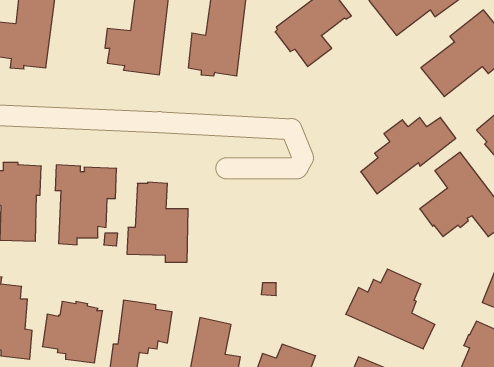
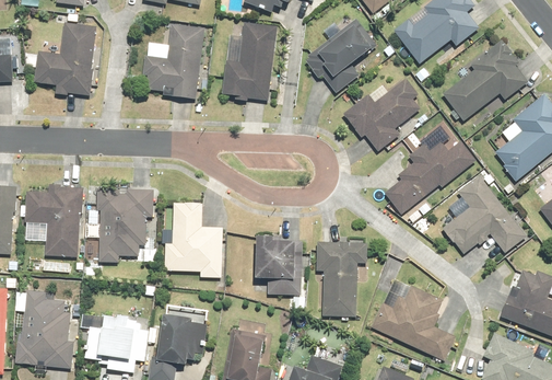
building: none -> [341,78,419,151]
building: none -> [254,235,302,295]
building: none -> [316,241,366,315]

